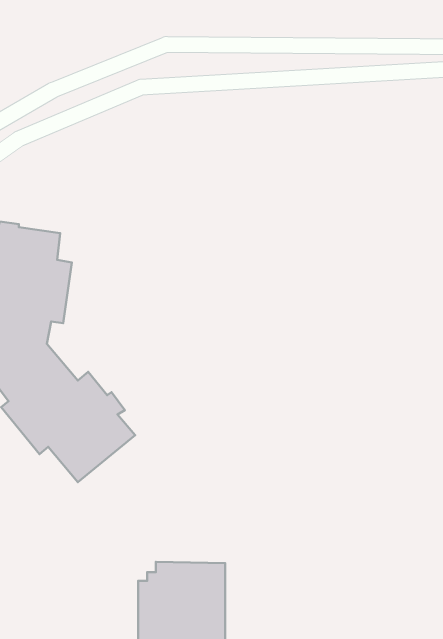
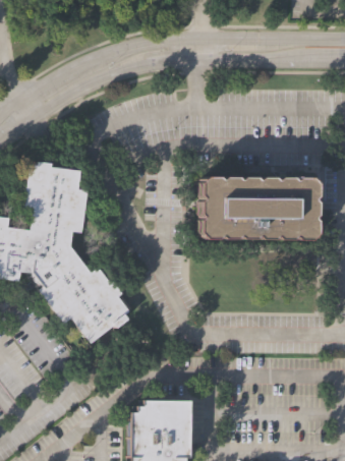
building: none -> [202,177,321,241]

